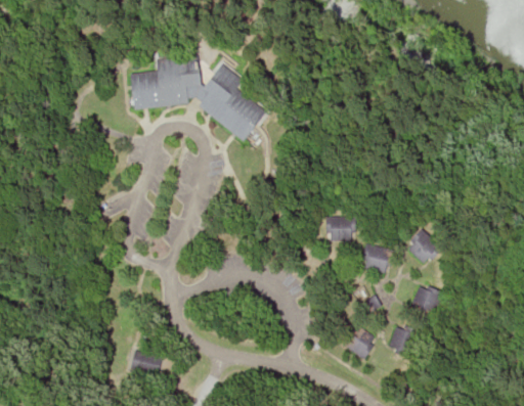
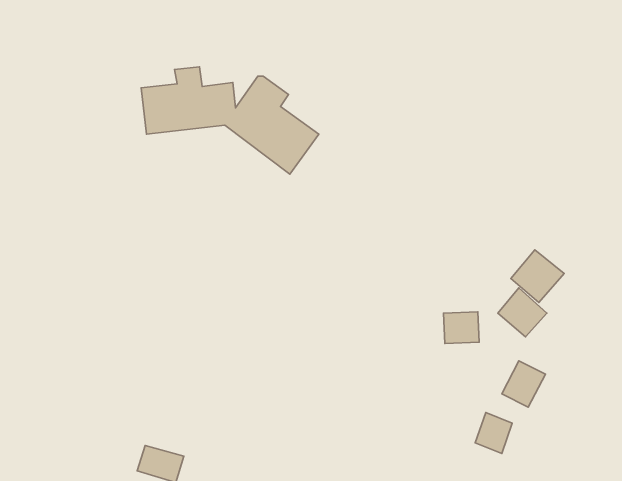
building: none -> [511,250,564,303]
building: [326,217,355,239] -> none
building: [341,324,377,359] -> none

